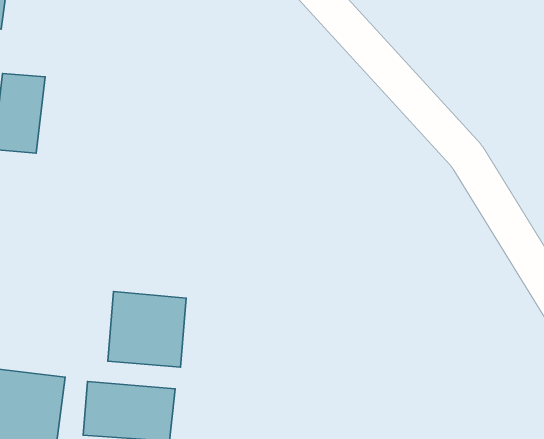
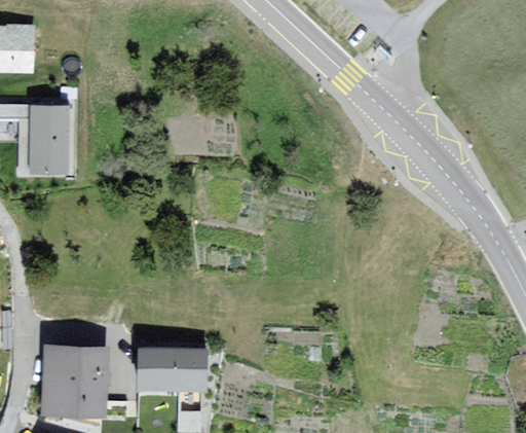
building: [108,291,186,367] -> none

